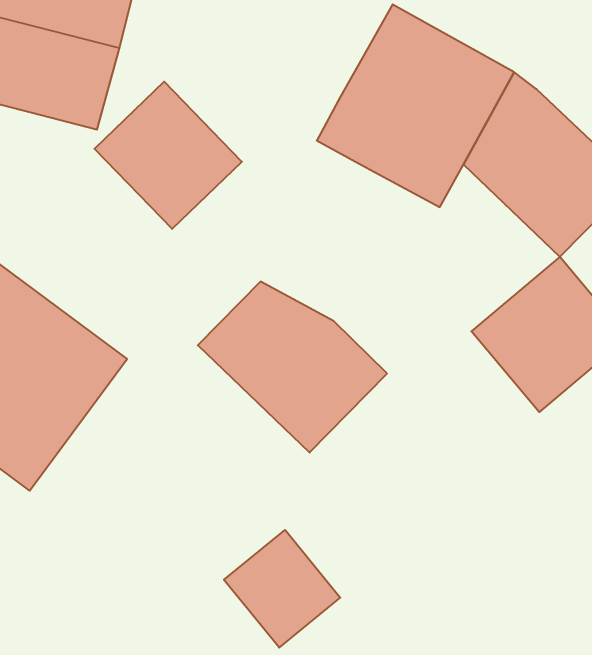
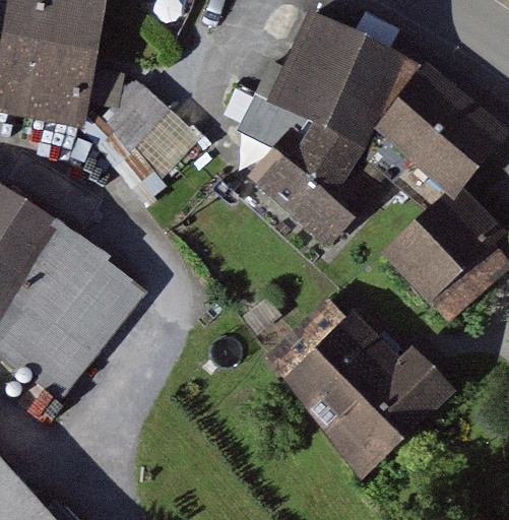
building: [198,282,387,453] -> [252,134,392,257]
building: none -> [273,296,441,463]
building: [224,530,340,648] -> none

